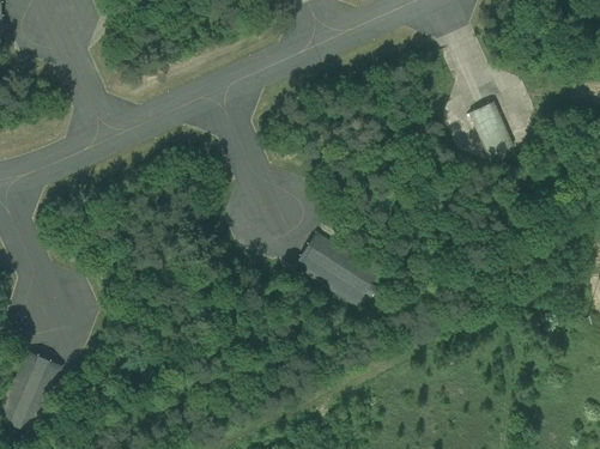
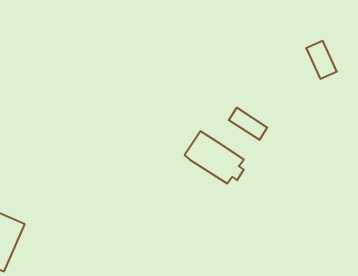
building: none -> [229,108,267,140]

